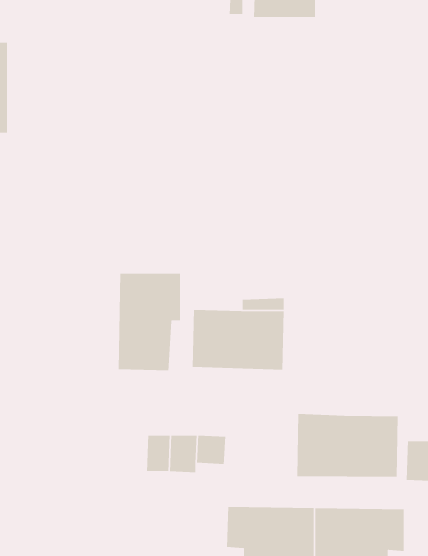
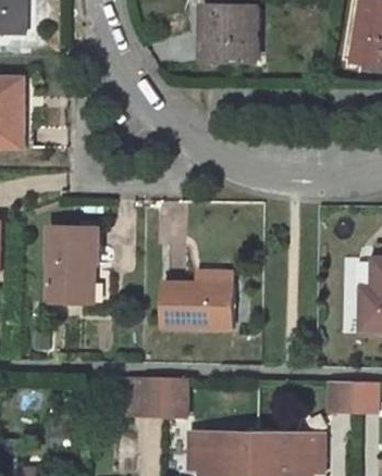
building: [118,273,181,371] -> [49,227,97,302]
building: [296,413,399,478] -> none

